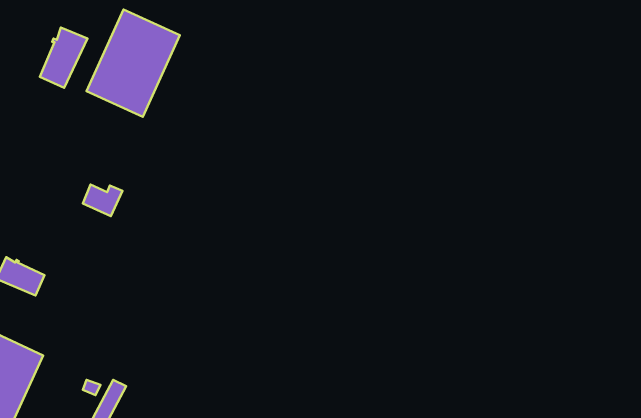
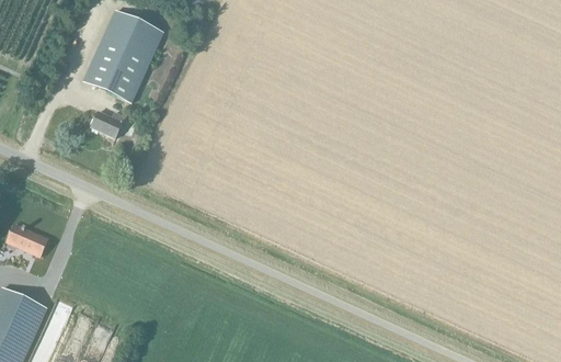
building: [40,27,87,88] -> none
building: [83,184,122,216] -> [91,110,125,137]

